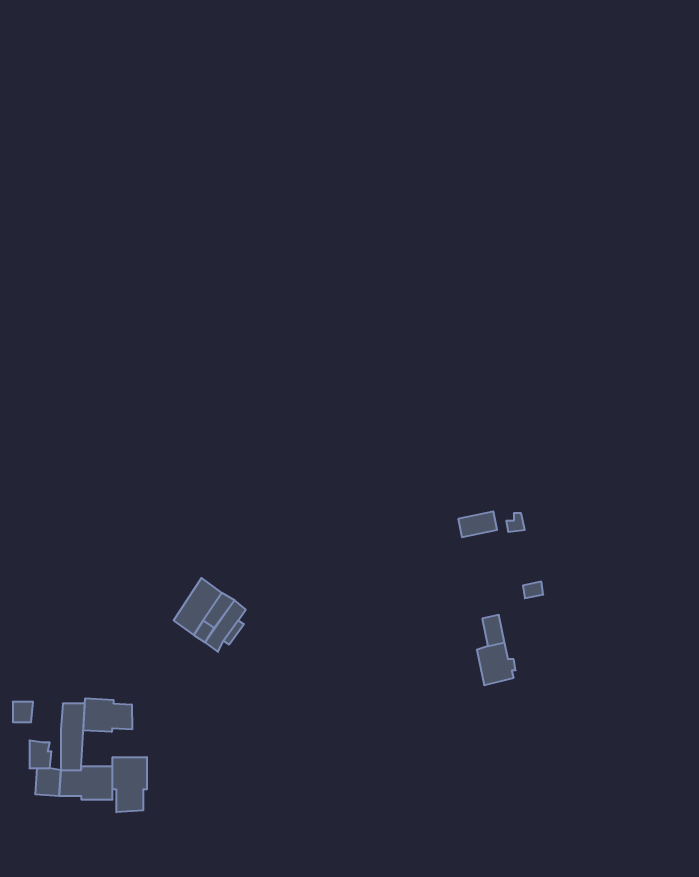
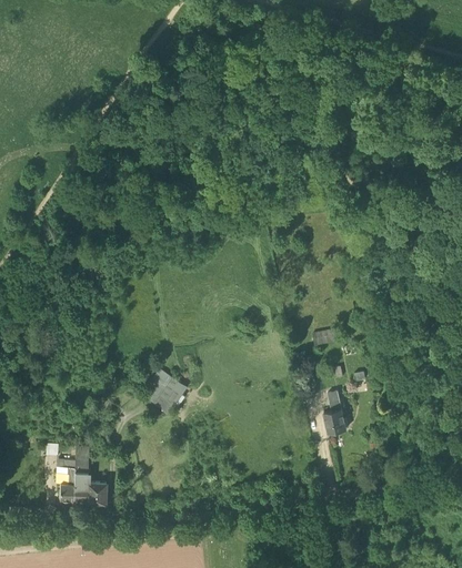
building: [83,698,132,732] -> none
building: [113,757,147,812] -> none

